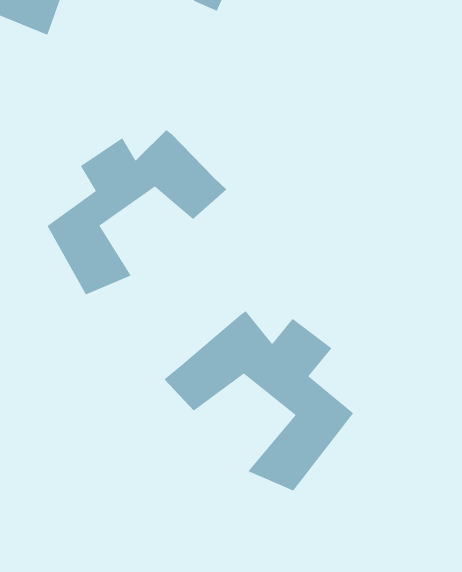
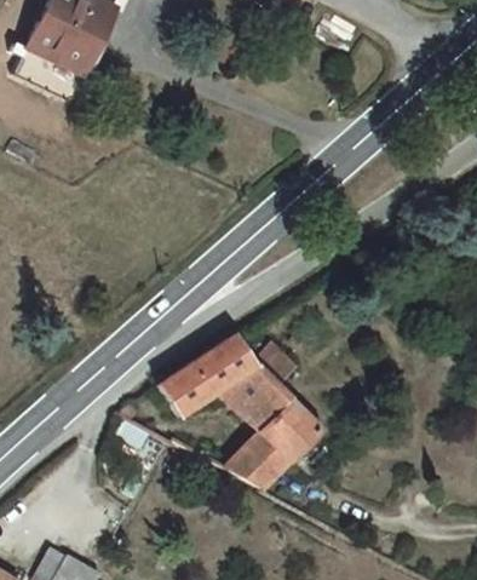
building: [47,129,227,295] -> none

